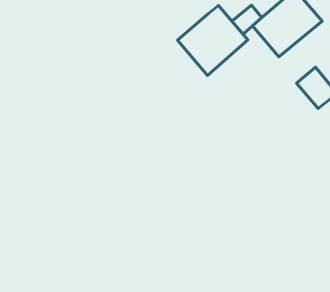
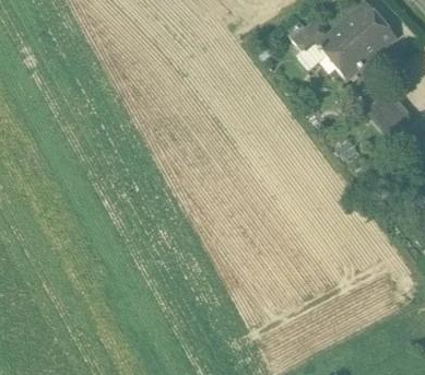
building: [177,6,248,75] -> none

